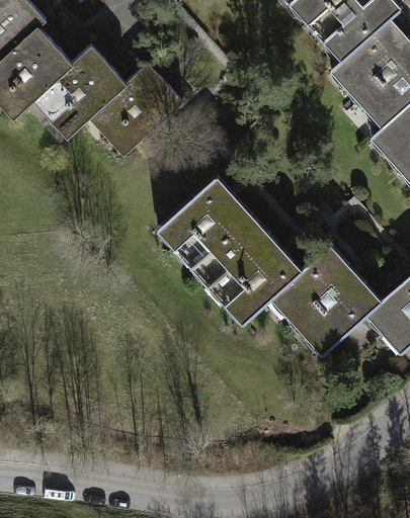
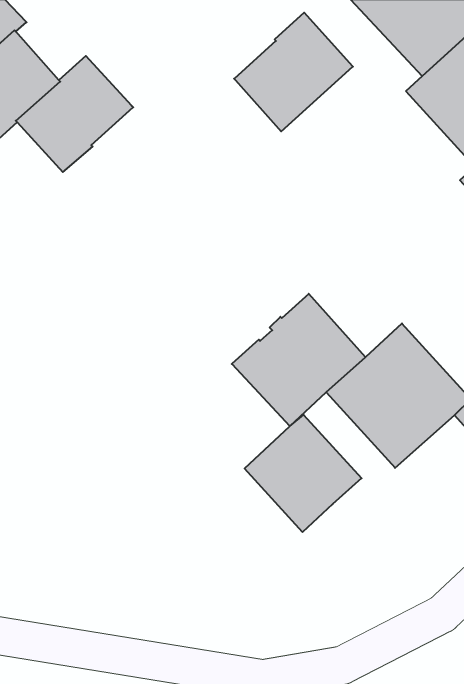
building: [95,64,184,153] -> [234,13,353,131]
building: [158,178,258,277] -> none
building: none -> [245,415,362,532]

